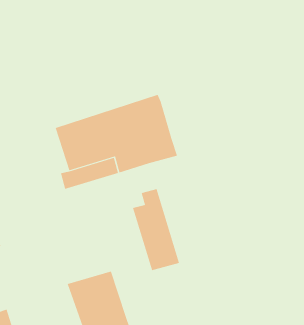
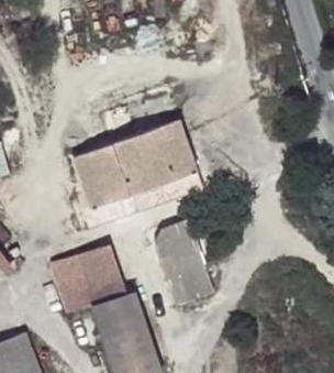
building: none -> [49,232,147,316]

